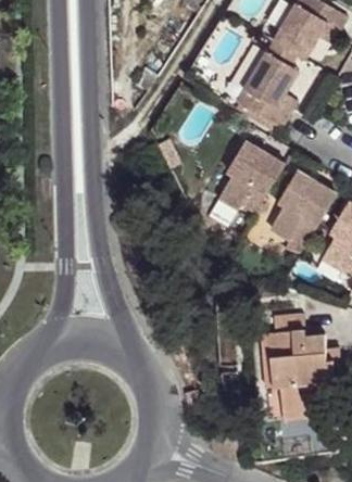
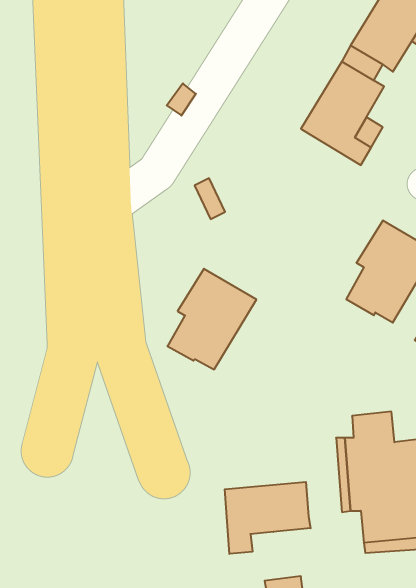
building: [218,140,285,215] -> [167,269,256,369]
building: none -> [225,482,311,554]

